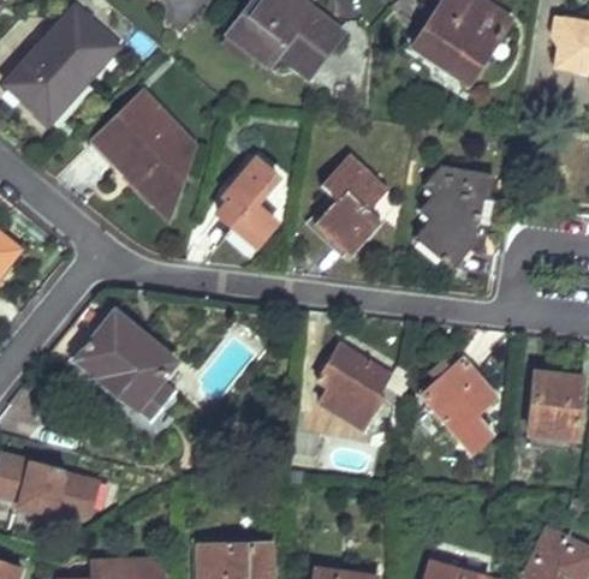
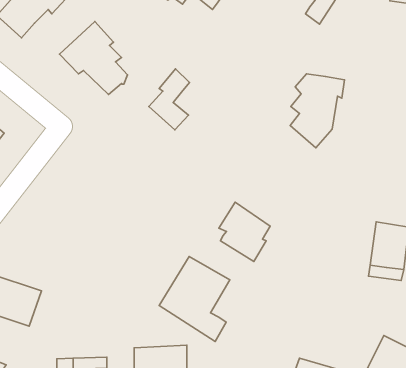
building: [316,155,386,253] -> none
building: [66,296,174,420] -> none
building: [423,359,495,449] -> none
building: none -> [159,256,230,342]
building: [58,468,111,519] -> none

